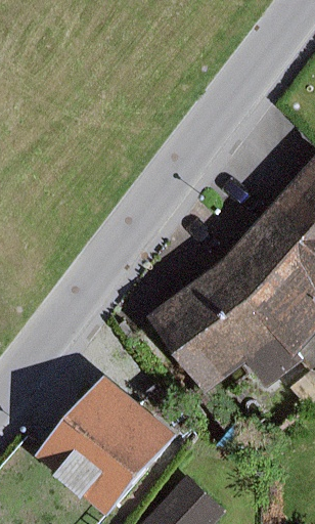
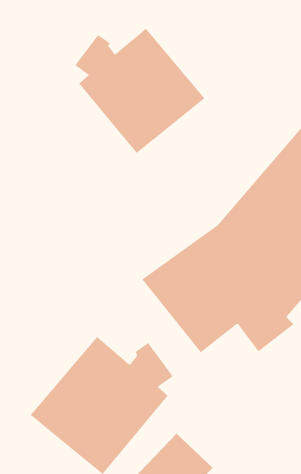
building: none -> [74,28,205,154]

